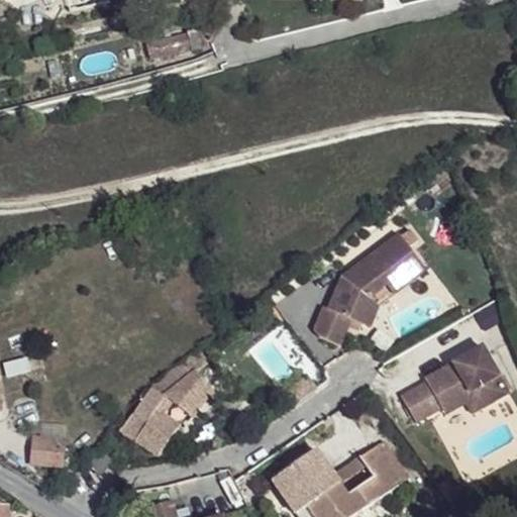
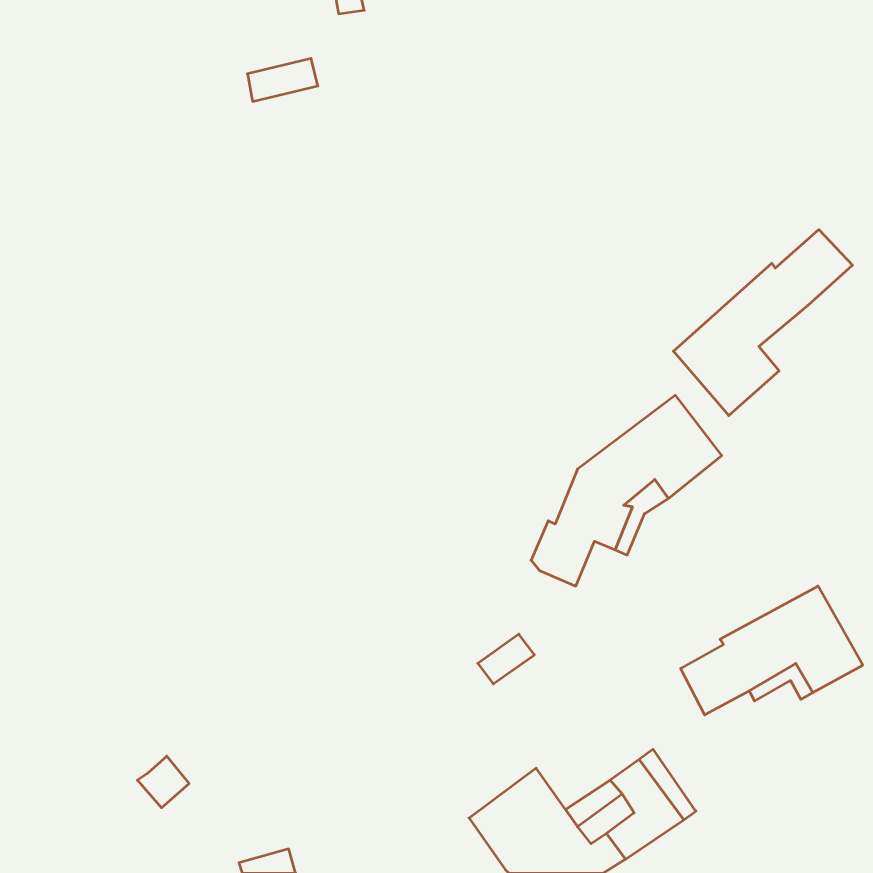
building: none -> [673,230,852,416]
building: [119,349,212,458] -> none
building: [30,438,65,468] -> none

